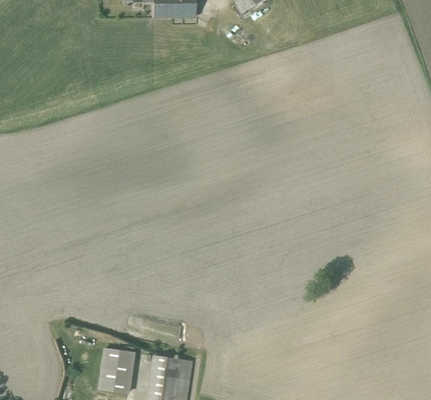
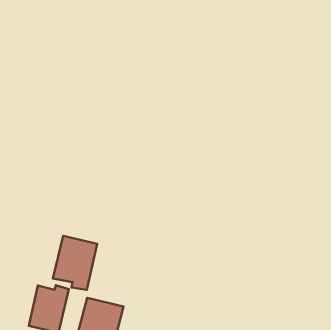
building: none -> [53,236,97,290]

